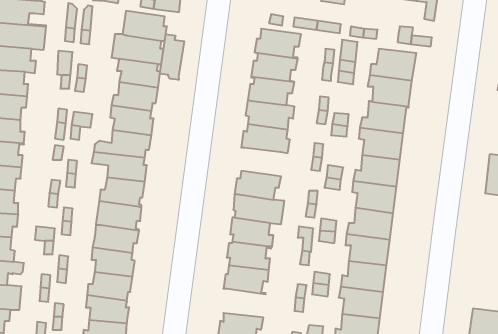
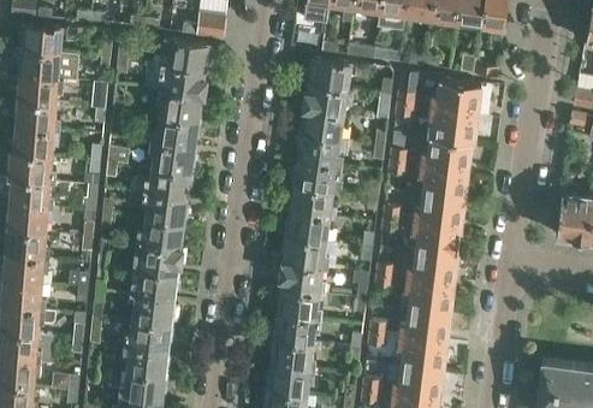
building: [160,34,184,80] -> none
building: none -> [289,185,336,217]
building: none -> [269,338,318,369]

